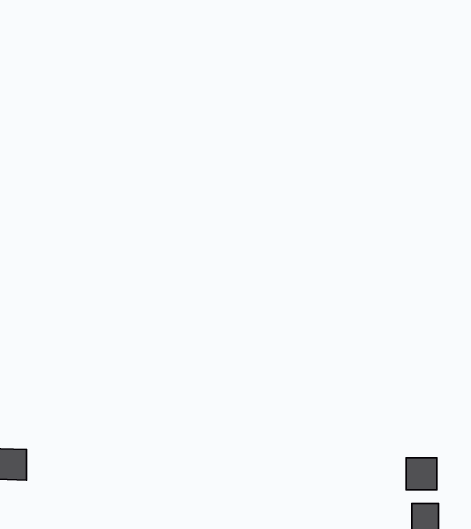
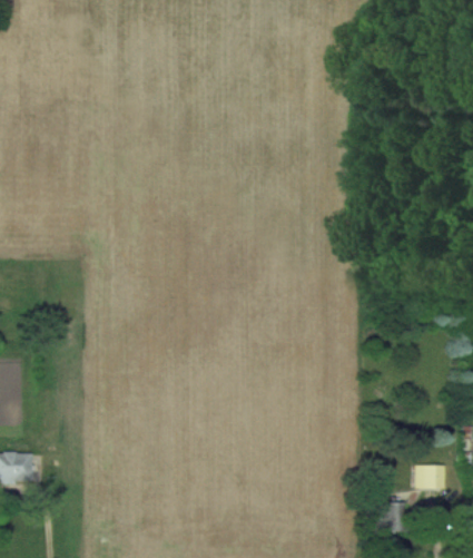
building: [406,458,437,490] -> none

